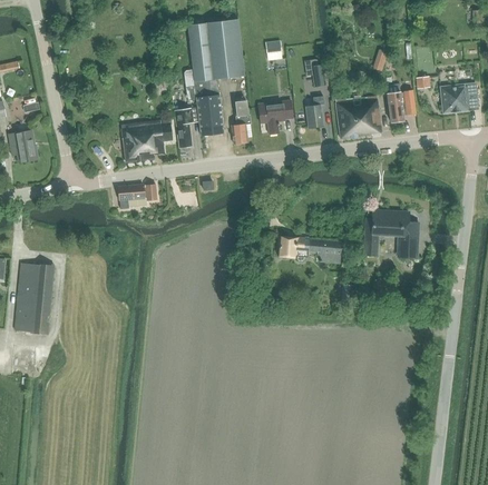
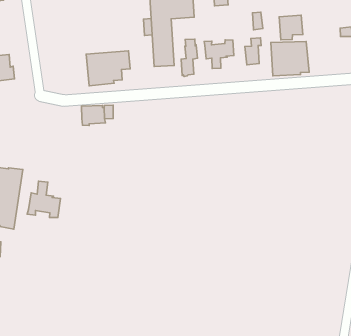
building: [387,91,416,121] -> [279,15,303,40]
building: [175,108,193,151] -> none
building: [364,210,419,257] -> none
building: [276,235,341,264] -> none
building: none -> [27,181,60,217]

